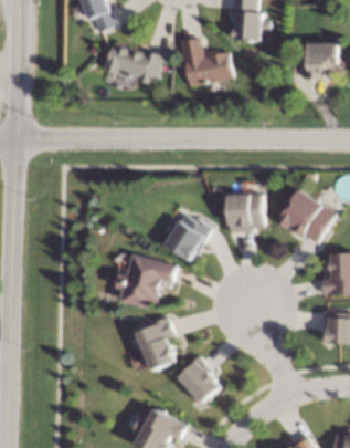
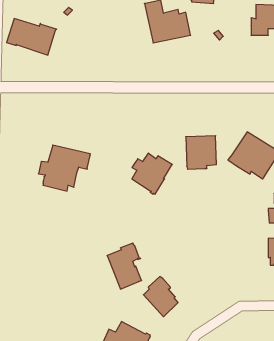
building: [106,43,163,85] -> [7,19,57,55]
building: [117,254,177,308] -> [38,145,90,191]

